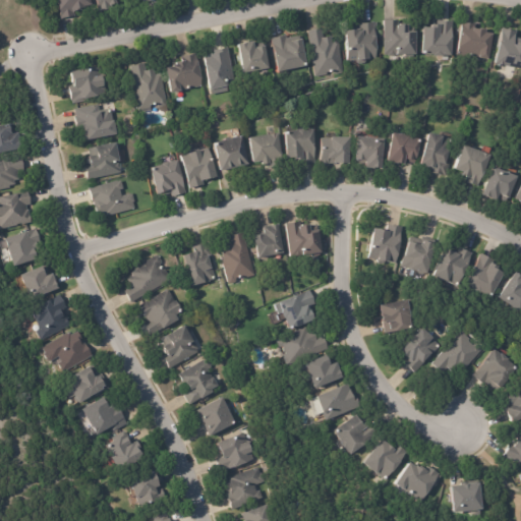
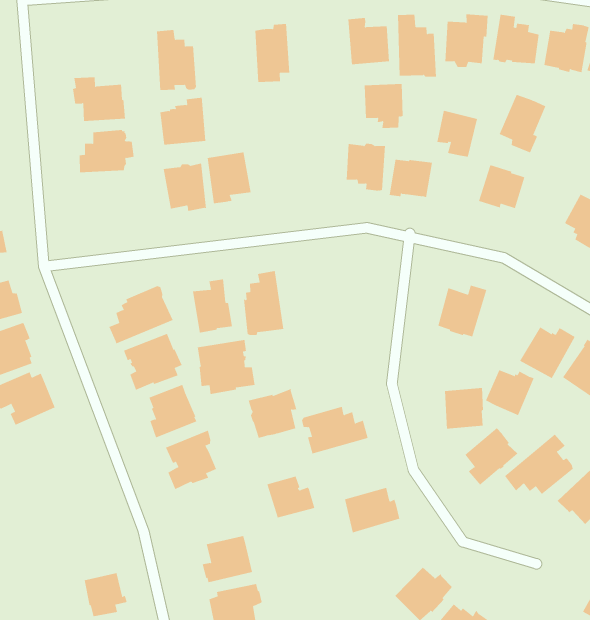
building: [239,40,270,72] -> none
building: [166,52,204,92] -> [160,97,206,145]
building: [69,66,104,103] -> none
building: [249,132,282,168] -> [364,83,404,128]
building: [419,133,452,176] -> [499,94,546,153]
building: [356,135,385,168] -> [436,110,478,157]
building: [213,136,247,171] -> none
building: [90,179,135,216] -> none
building: [286,221,323,257] -> none
building: [254,224,285,257] -> none
building: [402,240,437,274] -> [485,370,534,416]
building: none -> [197,339,255,395]
building: [279,289,317,330] -> [248,388,297,439]
building: [305,355,344,389] -> [267,476,315,518]
building: [67,364,110,405] -> none
building: [196,397,234,436] -> none
building: [82,398,128,437] -> none
building: [334,413,375,454] -> none
building: [106,430,143,472] -> none

